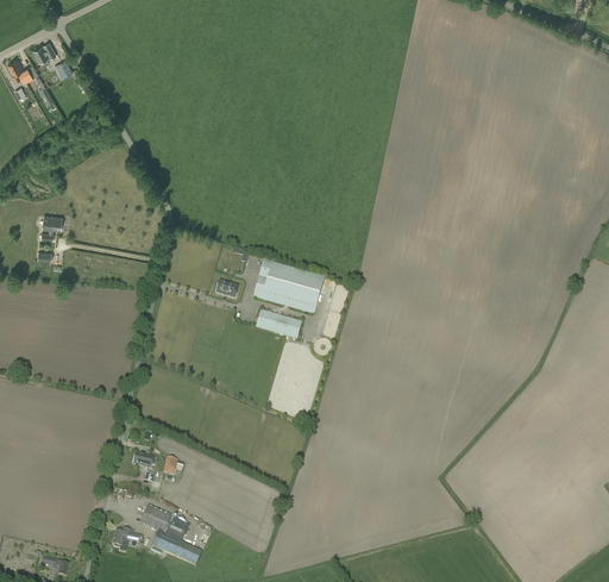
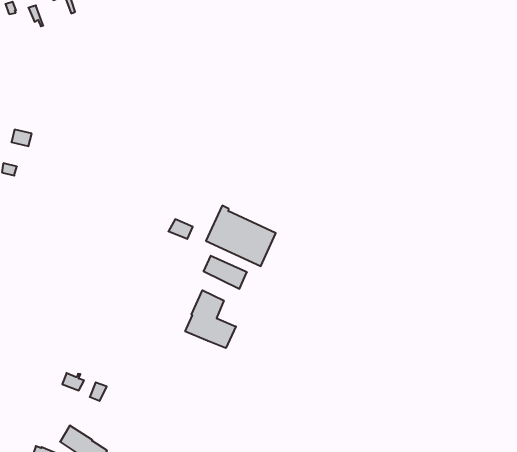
building: none -> [185,290,236,348]

